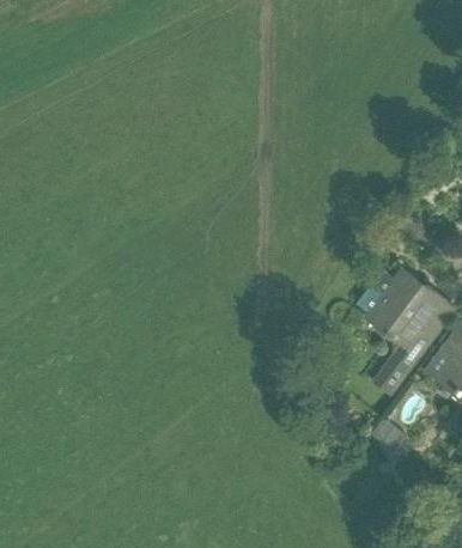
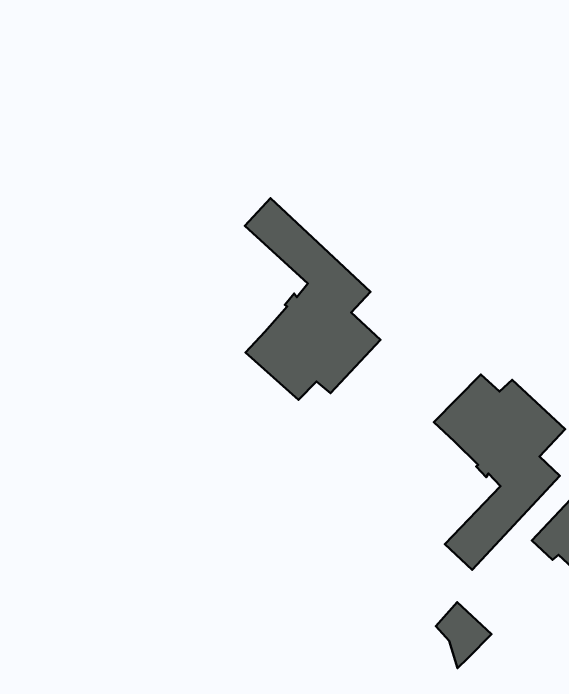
building: none -> [245,198,381,400]

